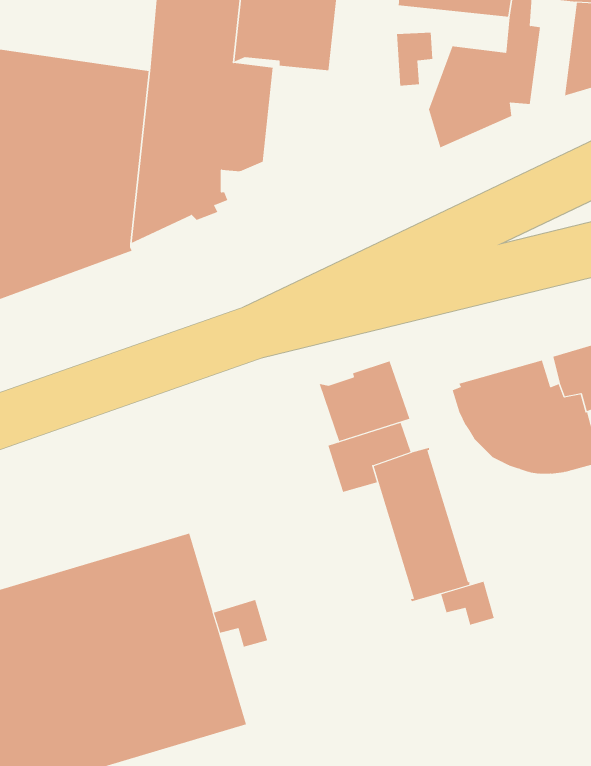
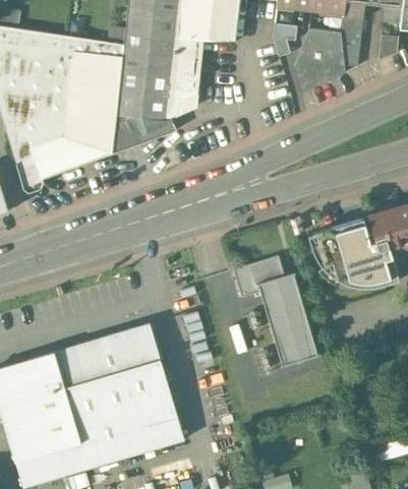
building: [319,360,410,442] -> none
building: [441,581,495,625] -> none
building: [213,599,268,648] -> none

